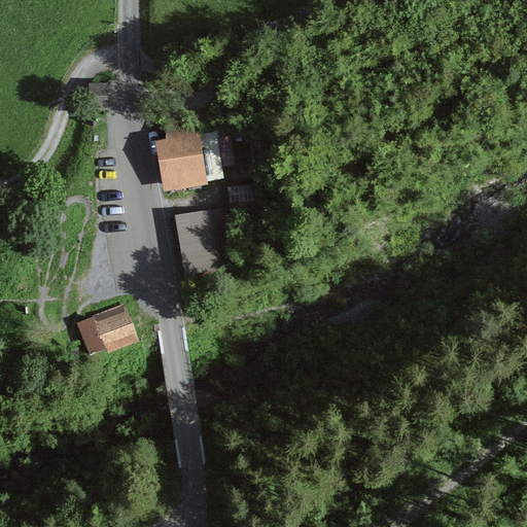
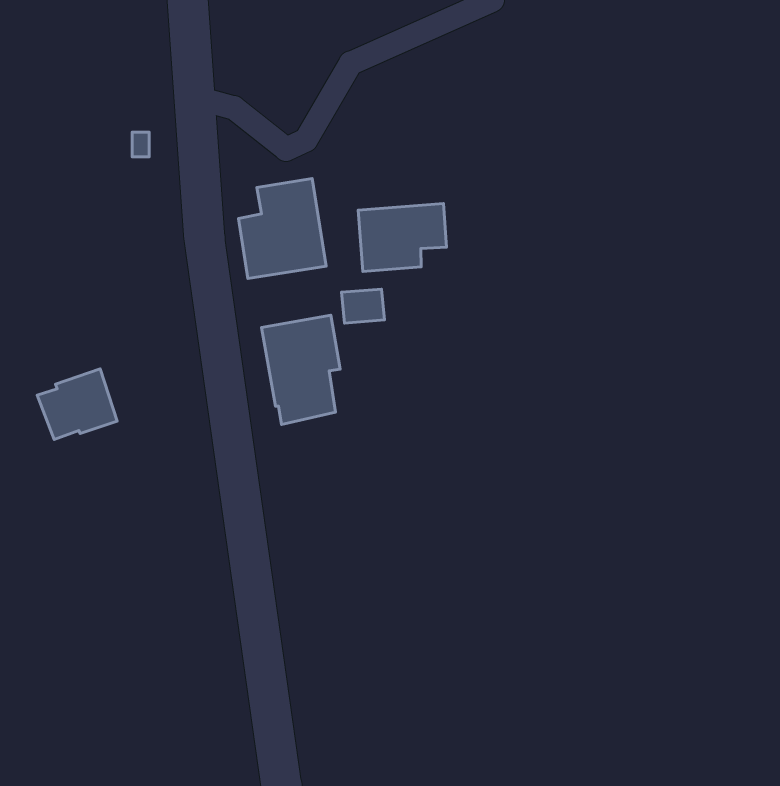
building: none -> [358,204,446,272]
building: [76,307,130,354] -> [37,369,117,440]

